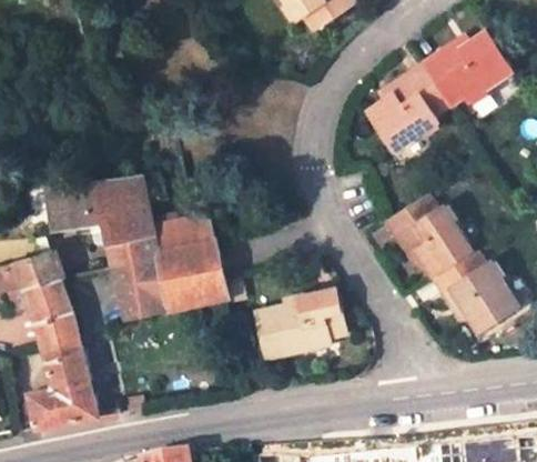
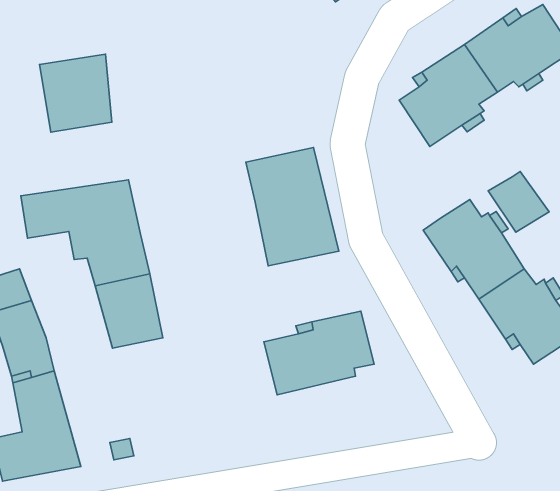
building: none -> [40,54,112,132]
building: none -> [488,172,549,232]
building: [151,212,229,311] -> [246,148,339,266]

